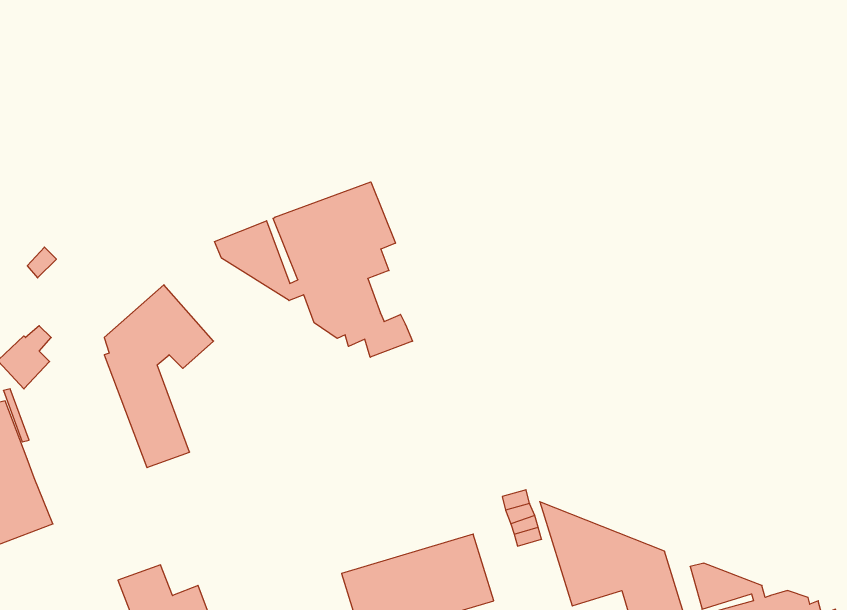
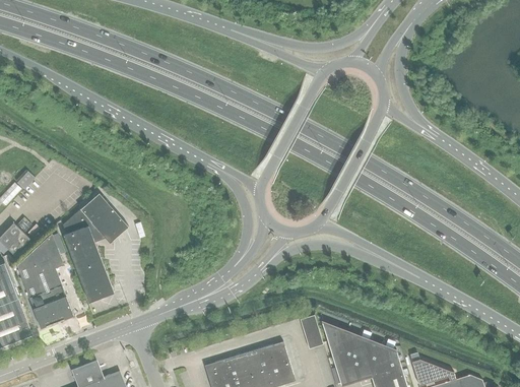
building: [214,182,413,357] -> none
building: none -> [16,234,73,328]

